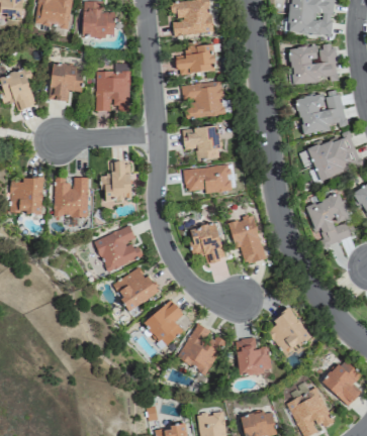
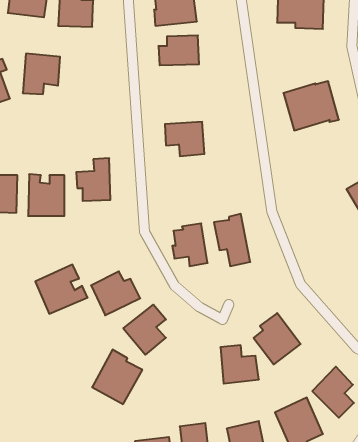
building: [289,45,337,85] -> none
building: [96,63,129,111] -> none
building: [181,82,224,119] -> none
building: [308,134,361,180] -> none
building: [184,165,232,194] -> none
building: [306,193,352,246] -> none
building: [94,225,144,271] -> [35,265,88,314]
building: [178,323,225,374] -> [92,350,142,404]

